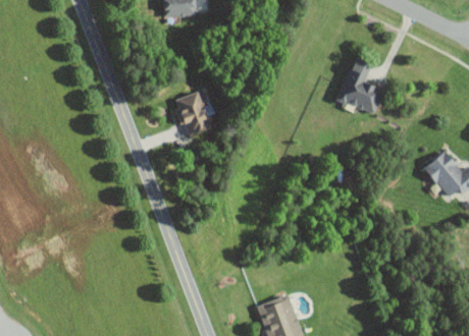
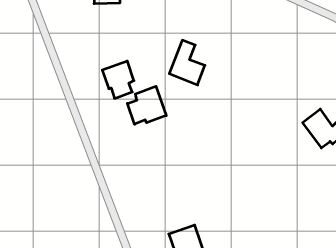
building: [338,58,383,114] -> [169,40,205,85]
building: none -> [127,86,166,124]

